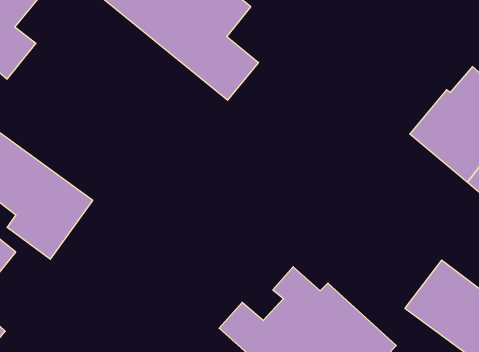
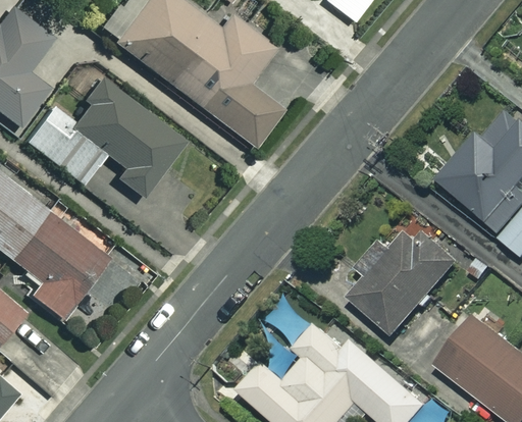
building: none -> [27,81,184,198]
building: none -> [352,225,460,338]

